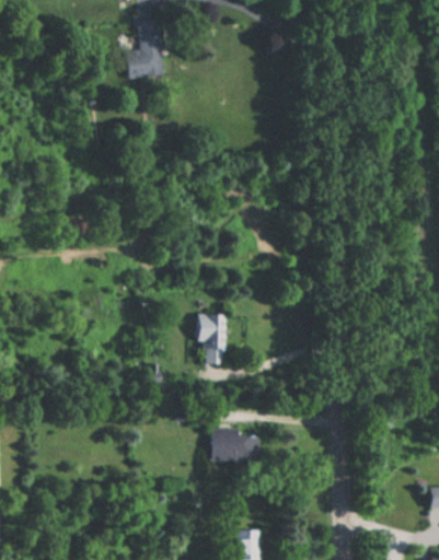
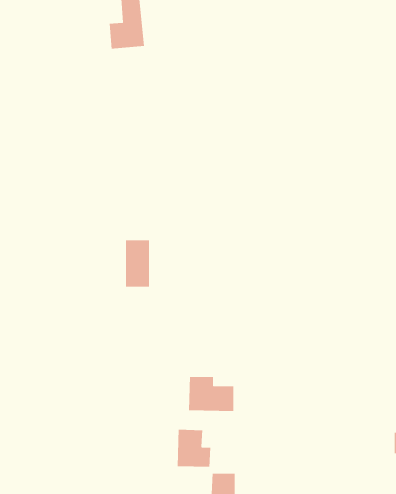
building: [199,313,226,363] -> [125,240,150,287]
building: none -> [177,429,211,467]

